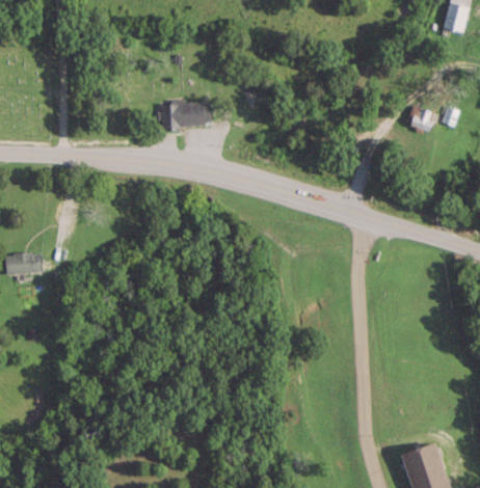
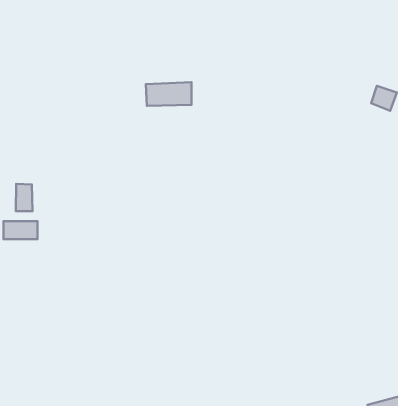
building: none -> [16,184,32,211]

